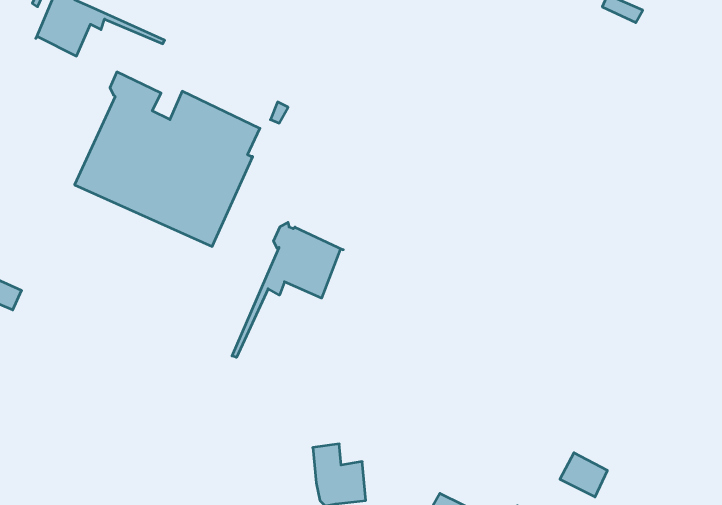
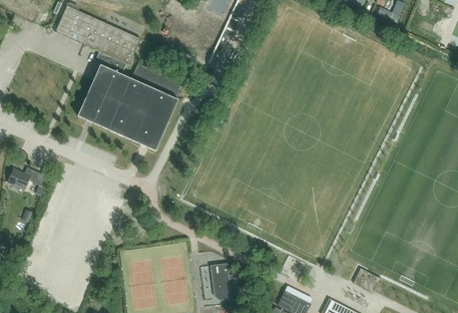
building: none -> [78,21,140,65]
building: [232,222,343,357] -> none

